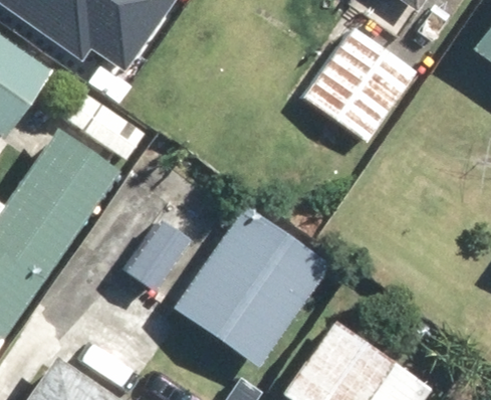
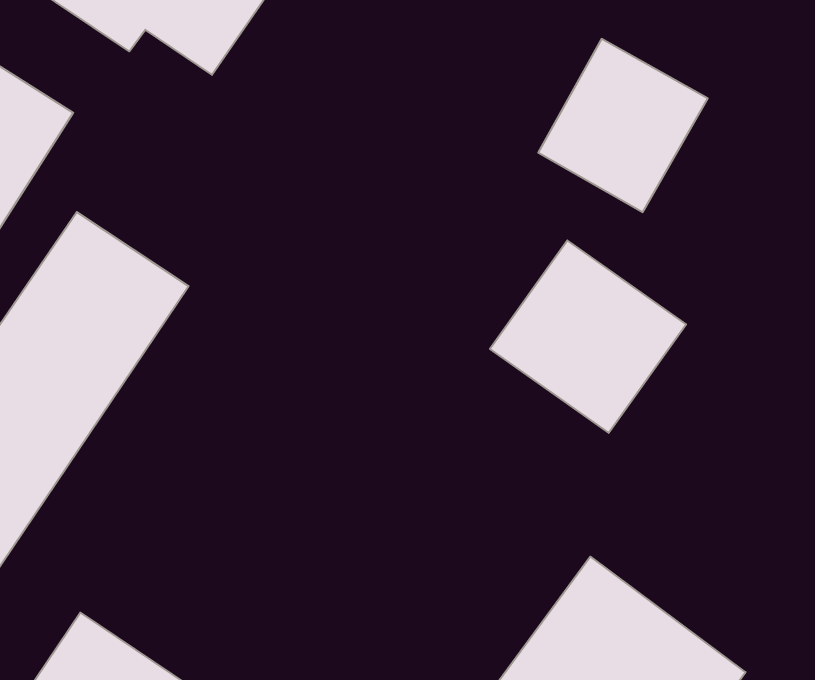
building: none -> [490,240,686,433]
building: [176,212,327,365] -> none

